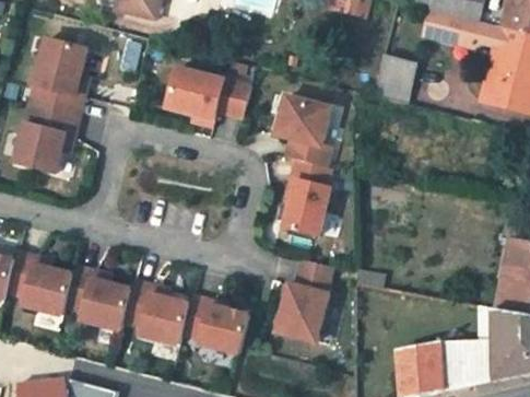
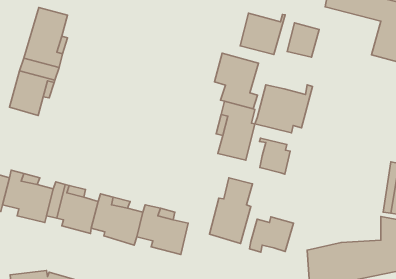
building: none -> [240,13,285,55]
building: [162,69,246,121] -> none
building: none -> [255,85,312,133]
building: none -> [260,138,290,174]
building: none -> [249,217,293,252]

